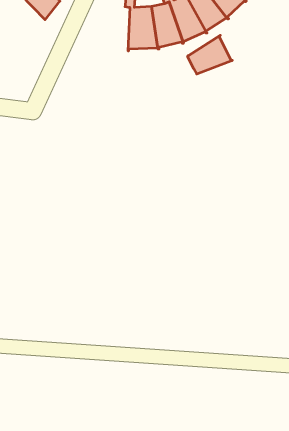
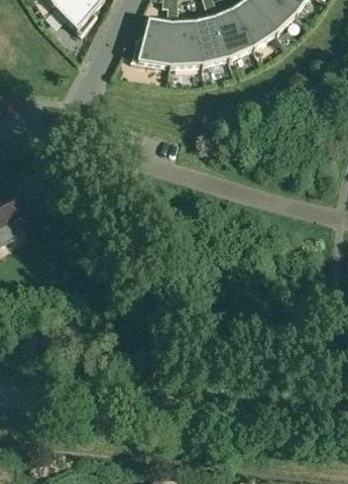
building: none -> [131,19,172,69]
building: [188,35,232,74] -> none

